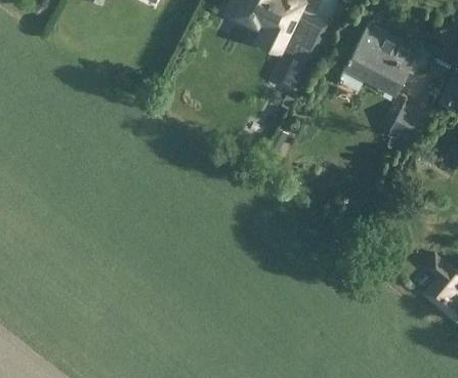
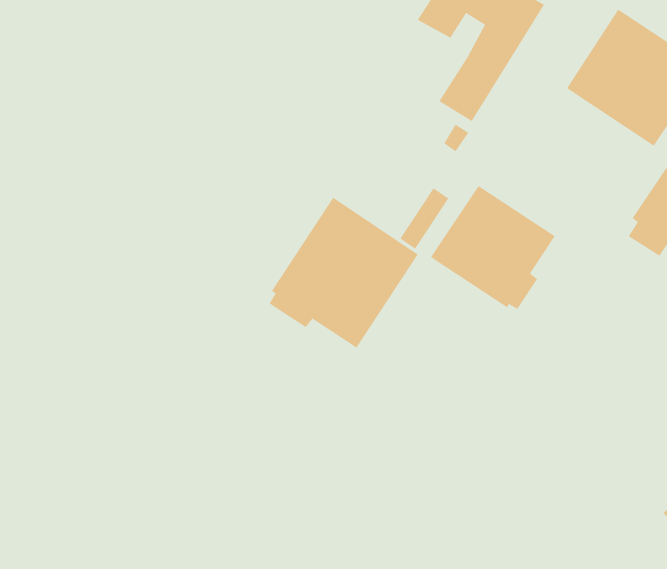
building: none -> [430,185,555,310]
building: none -> [269,197,419,348]

